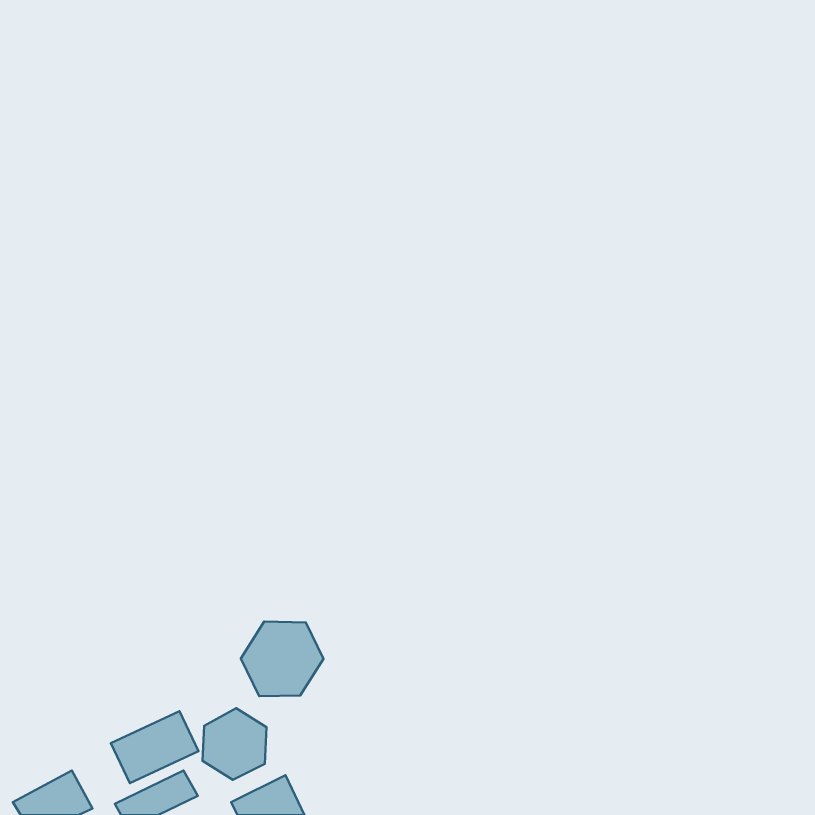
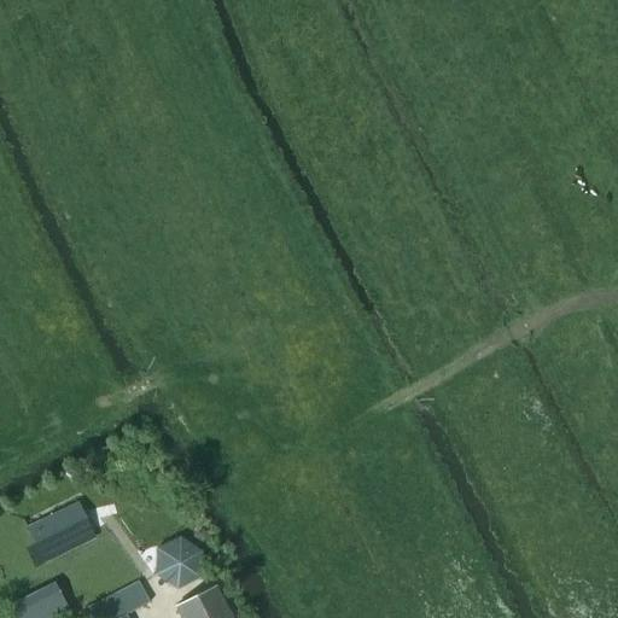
building: [241,621,324,696] -> none
building: [111,711,199,783] -> [27,503,93,558]

